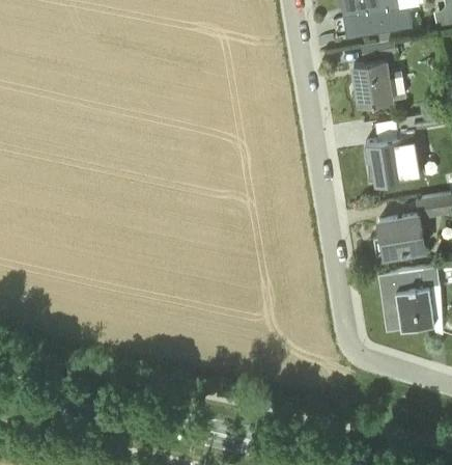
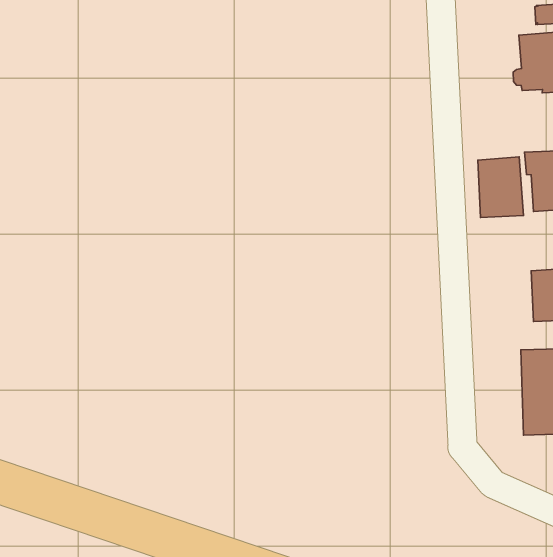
building: none -> [478,157,523,218]

